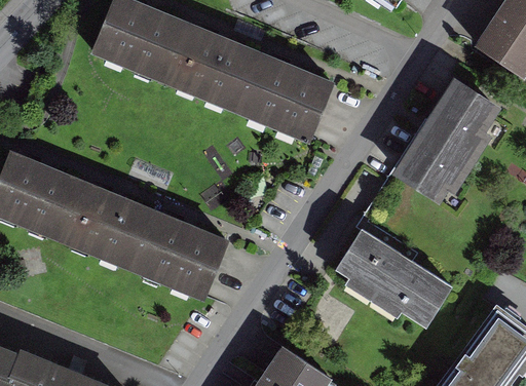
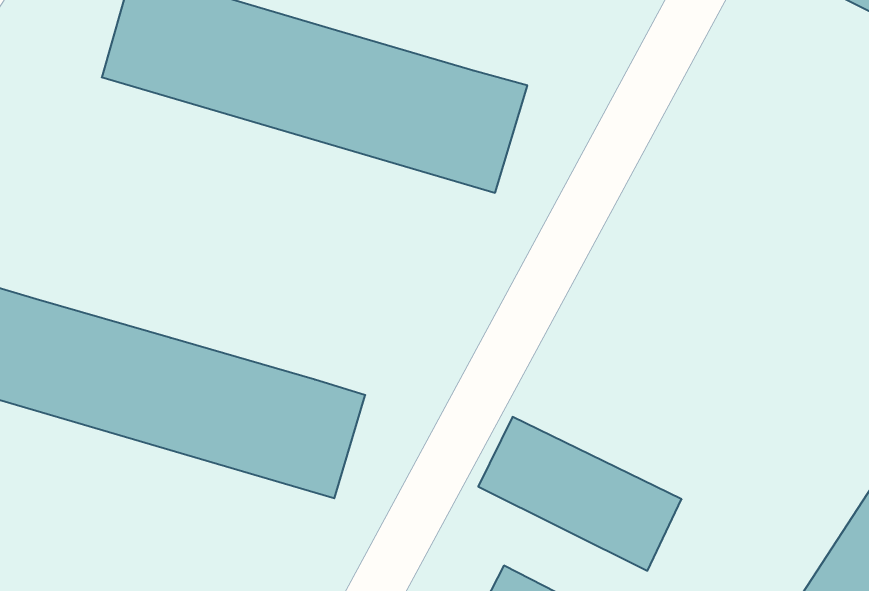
building: [402,76,503,195] -> none
building: [338,227,448,318] -> [478,417,682,571]

